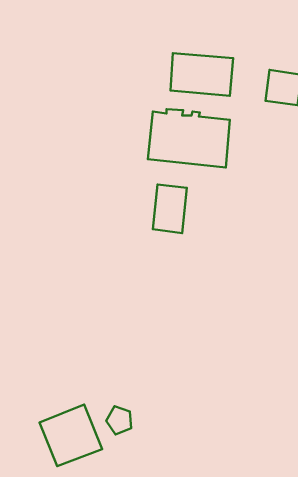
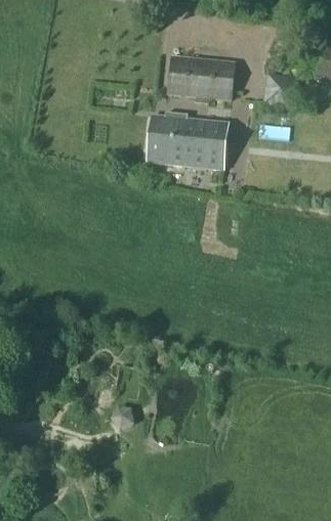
building: [153,185,187,233] -> none
building: [39,405,102,466] -> none

